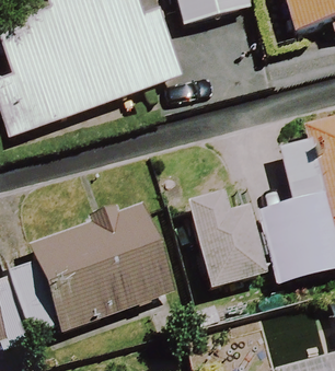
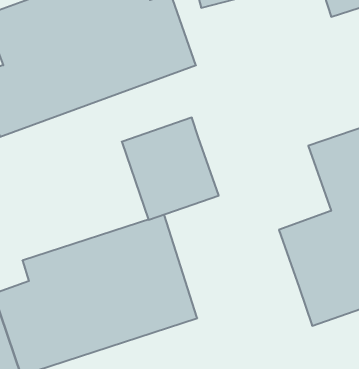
building: [185,197,268,285] -> [122,118,219,220]

